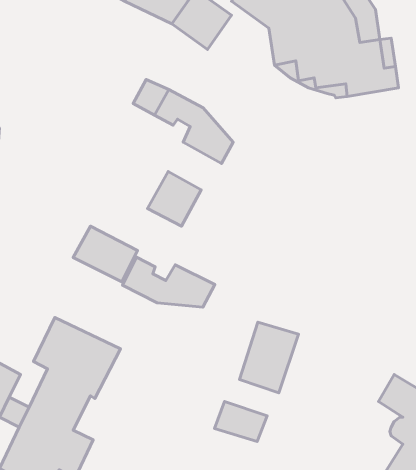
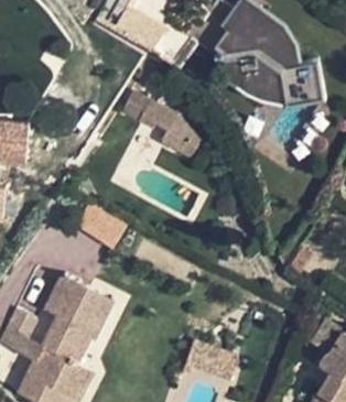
building: [147,172,201,226] -> none
building: [123,257,215,307] -> none
building: [239,322,298,393] -> none

